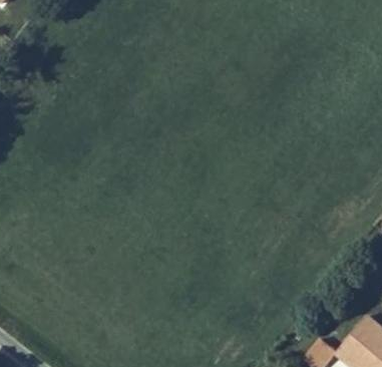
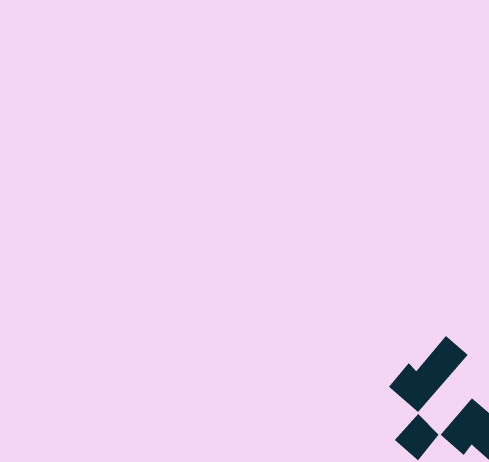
building: none -> [388,335,469,413]

